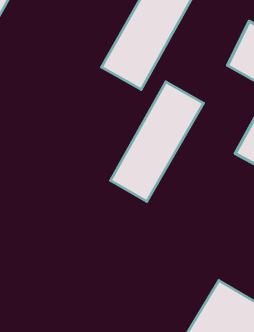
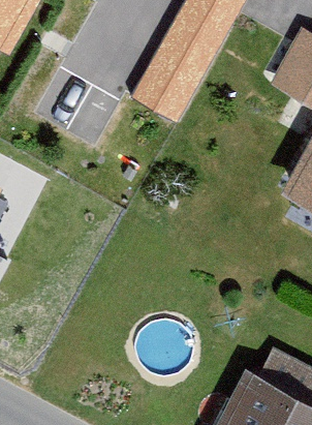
building: [110,82,203,201] -> none

